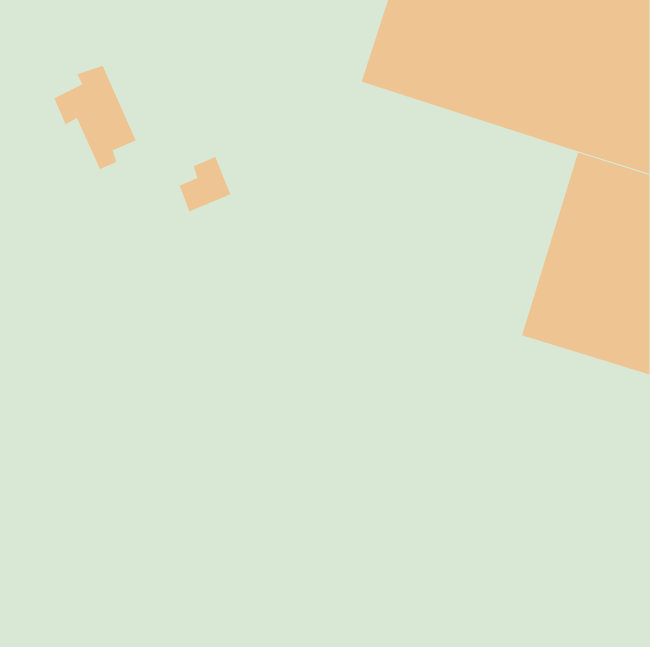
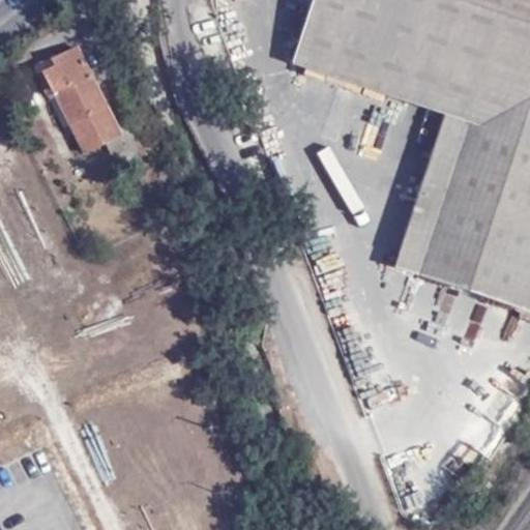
building: none -> [398,115,469,272]
building: [179,156,231,212] -> [81,114,123,159]

